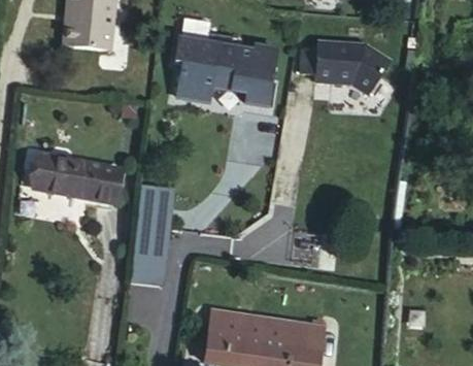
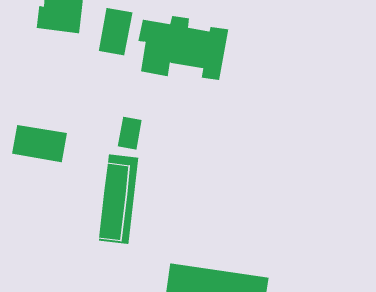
building: none -> [98,7,133,56]
building: [313,41,392,97] -> none
building: [90,163,119,201] -> [117,116,143,150]

